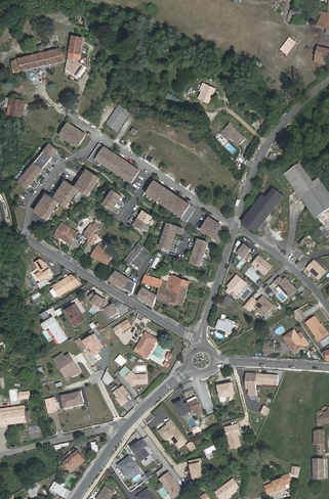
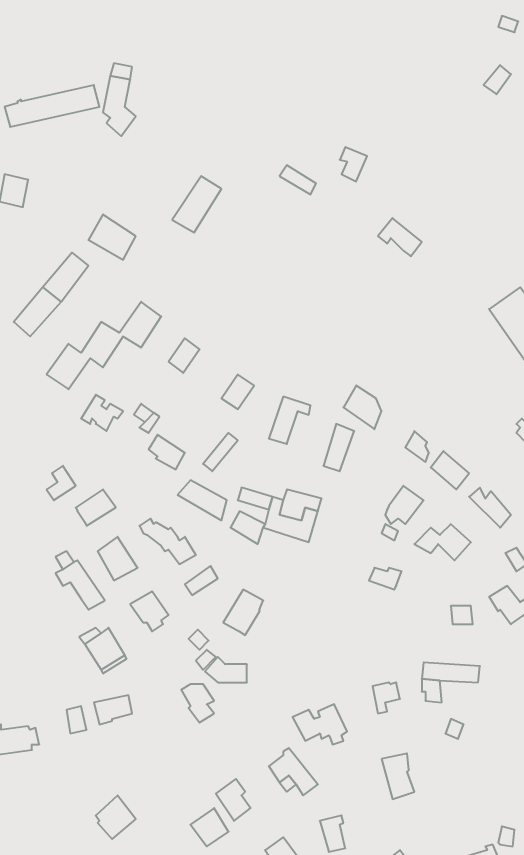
building: [95,147,138,183] -> none
building: [146,181,190,217] -> none
building: [241,189,283,232] -> none

